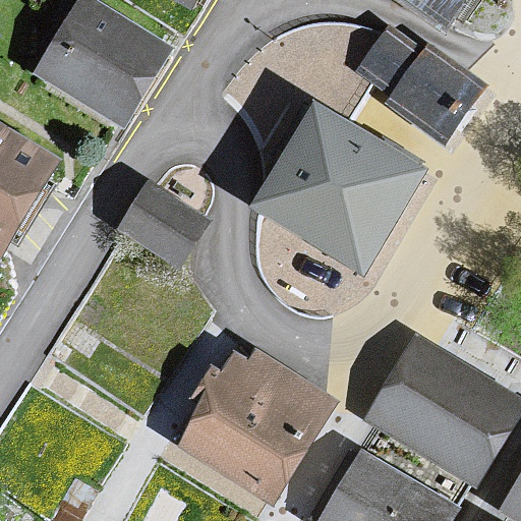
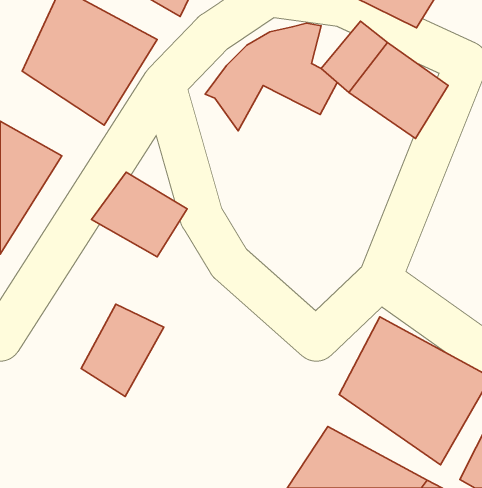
building: [227,91,424,275] -> none
building: none -> [81,304,164,397]
building: [175,337,339,508] -> none

